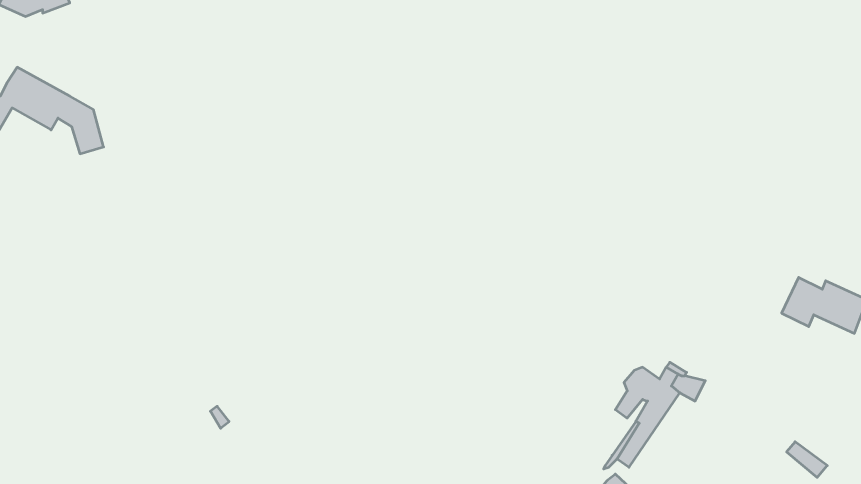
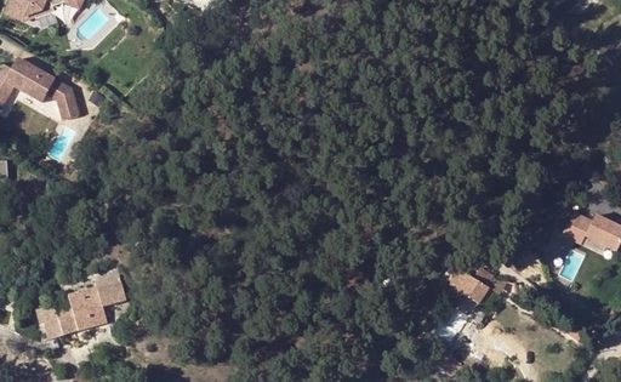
building: none -> [38,275,127,340]

